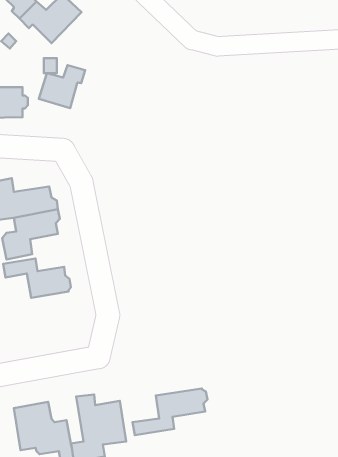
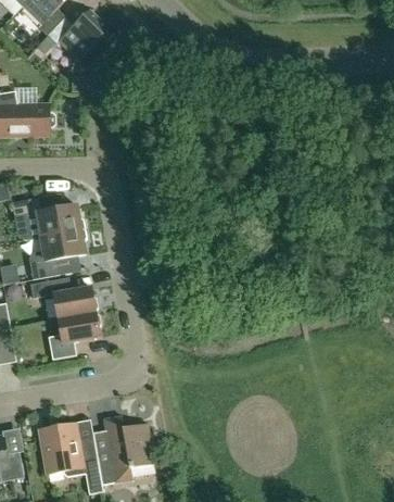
building: [39,65,85,108] -> none
building: none -> [48,311,101,359]
building: [132,389,208,435] -> none

